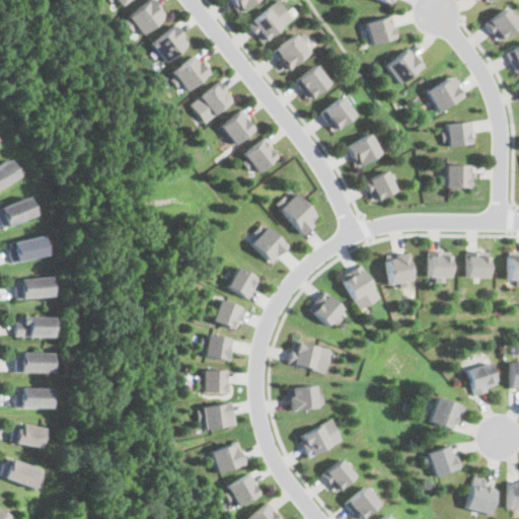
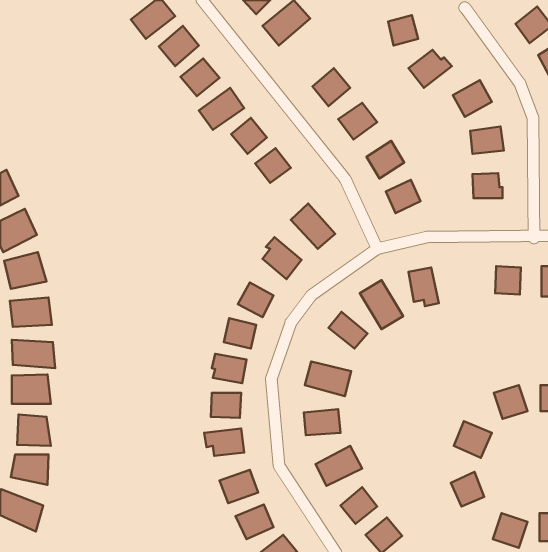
building: [275,33,313,71] -> none
building: [430,250,454,276] -> none

